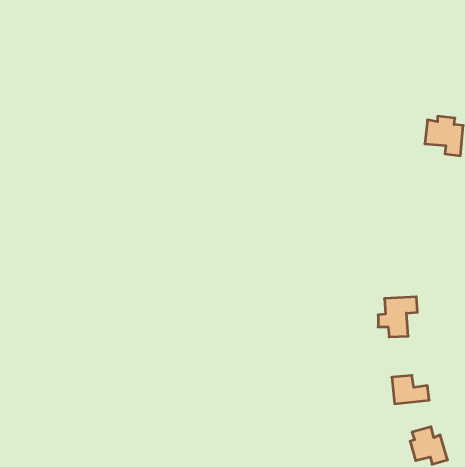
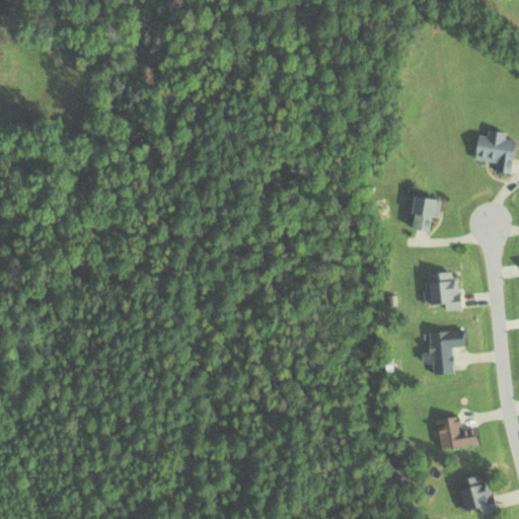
building: none -> [410,196,436,231]
building: none -> [426,272,462,310]

